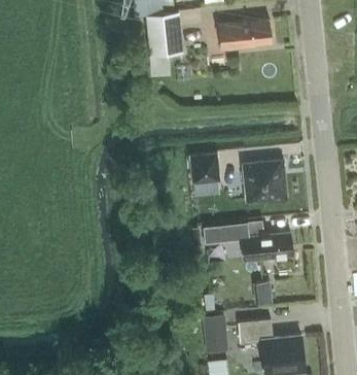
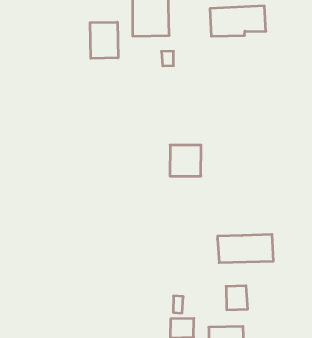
building: none -> [90,22,118,58]
building: [243,159,288,202] -> none
building: [202,219,263,243] -> none

